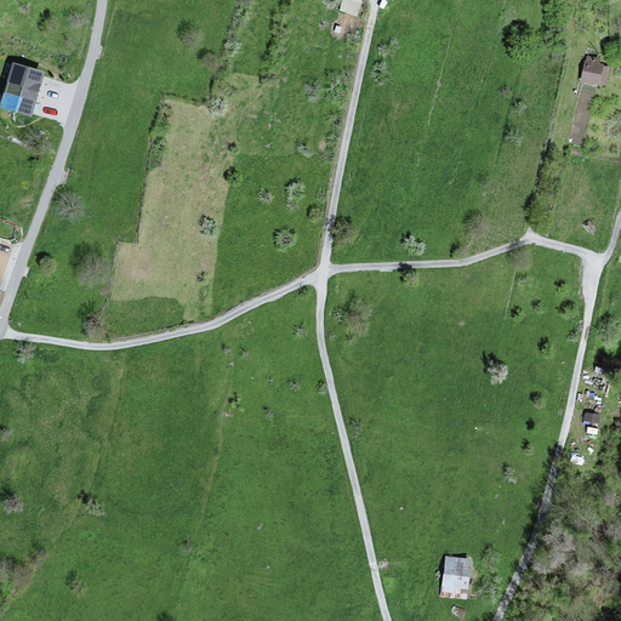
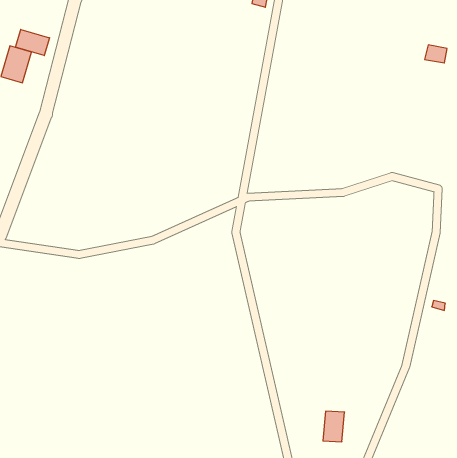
building: none -> [16,29,50,56]

